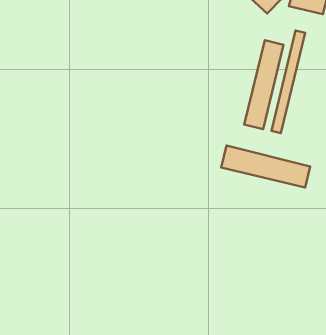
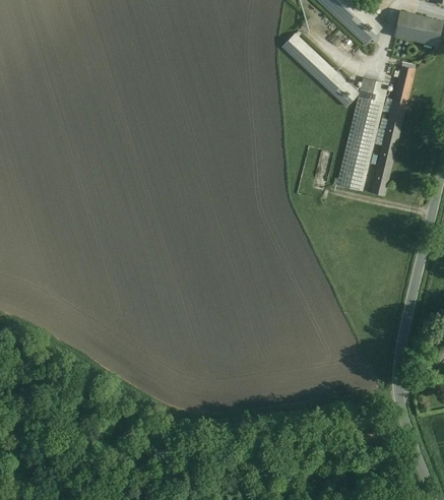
building: none -> [282,34,359,107]
building: [221,146,310,188] -> none

